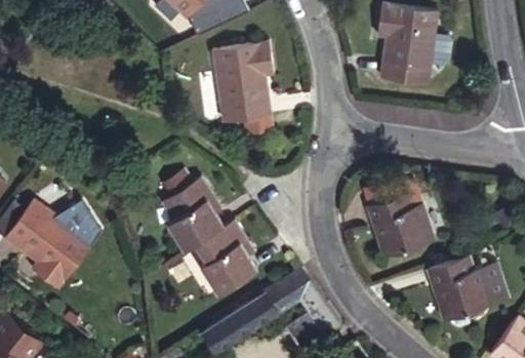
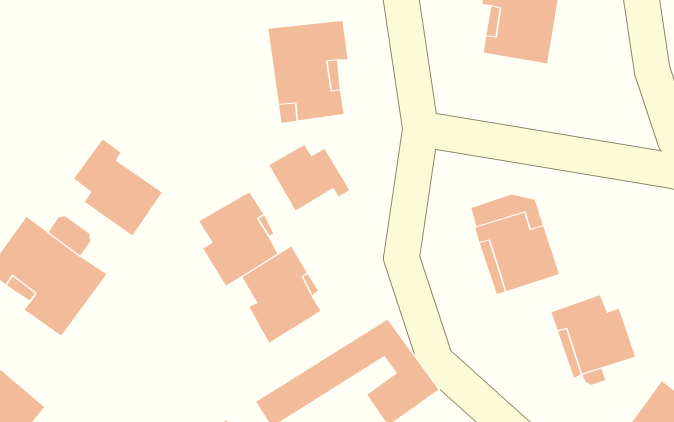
building: none -> [73,138,163,237]
building: none -> [268,144,349,211]

